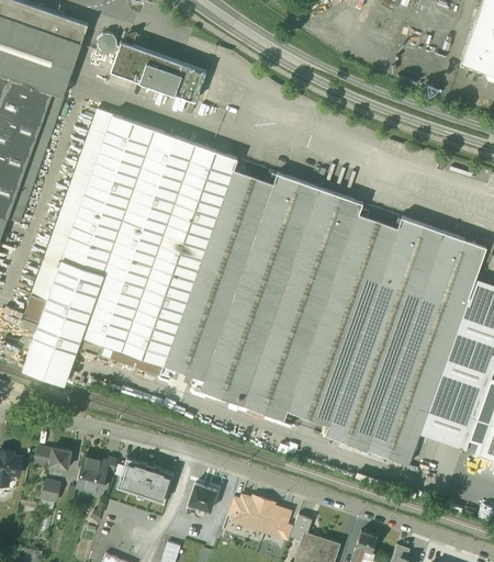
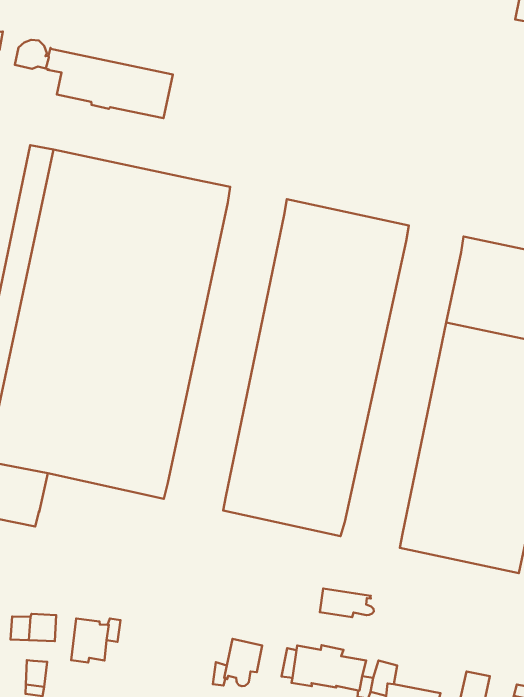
building: [164,169,273,381] -> none
building: [288,214,397,425] -> none
building: [117,456,176,504] -> none
building: none -> [320,588,374,617]

